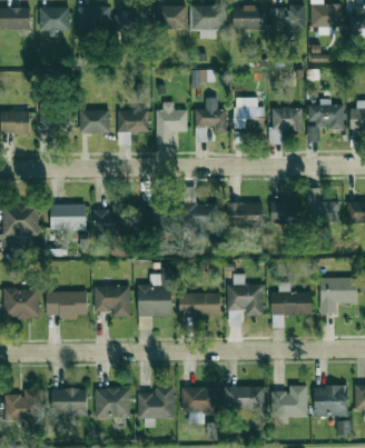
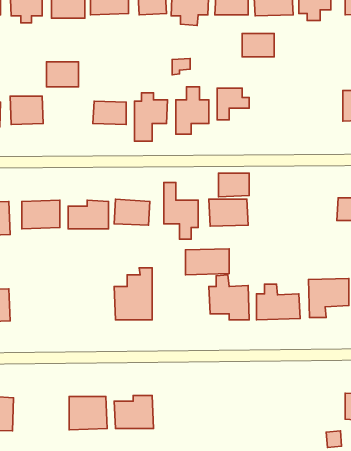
building: [310,99,344,130] -> none
building: [272,108,302,130] -> [242,33,274,57]
building: [79,110,109,133] -> [46,62,78,87]
building: [306,188,339,223] -> none
building: [270,201,299,223] -> [218,173,249,197]
building: [93,286,130,317] -> none
building: [46,291,87,319] -> none
building: [179,292,220,317] -> [185,249,229,275]
building: [270,385,307,417] -> none
building: [224,386,266,409] -> none
building: [314,386,347,417] -> none
building: [181,387,217,422] -> none
building: [51,388,87,416] -> none

